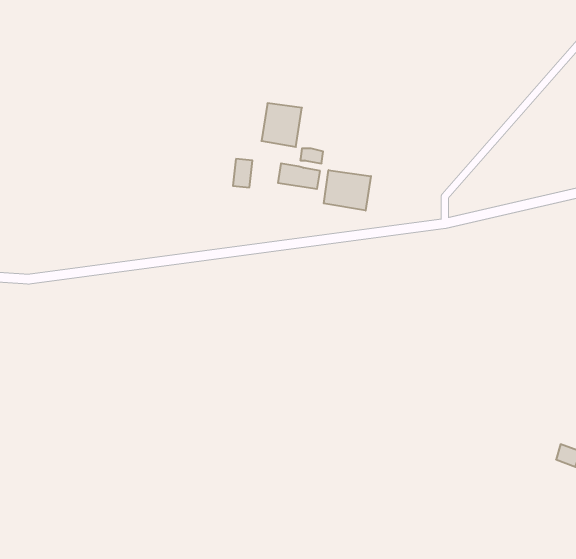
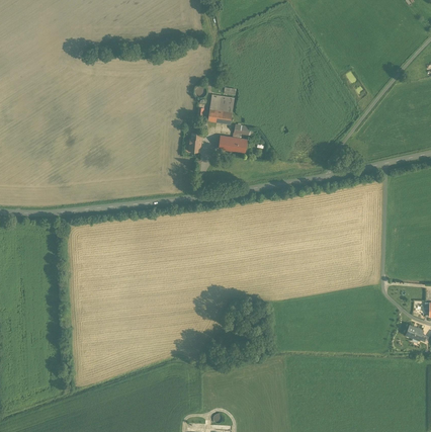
building: [324,170,371,211] -> none

